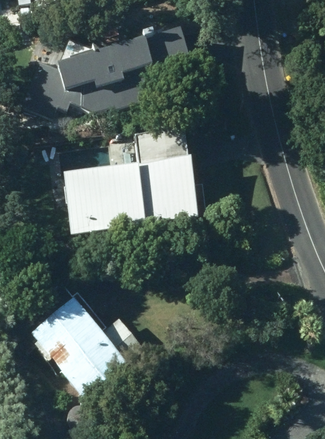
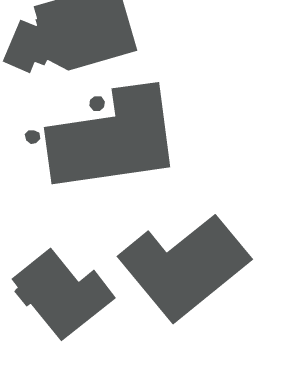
building: none -> [115,212,255,326]

